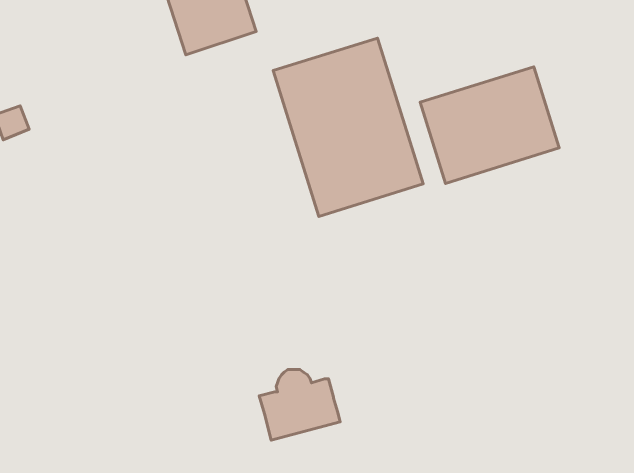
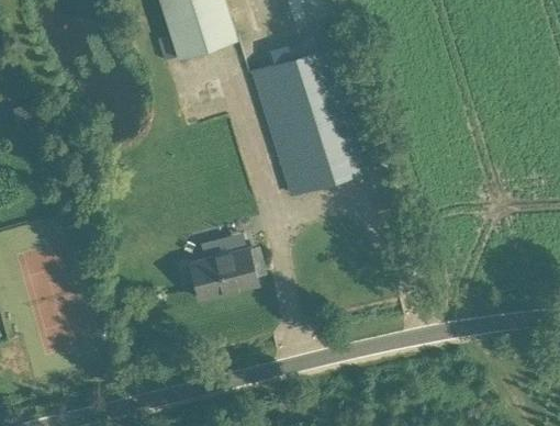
building: [420,67,559,183] -> none
building: [259,370,340,440] -> [190,240,258,300]

